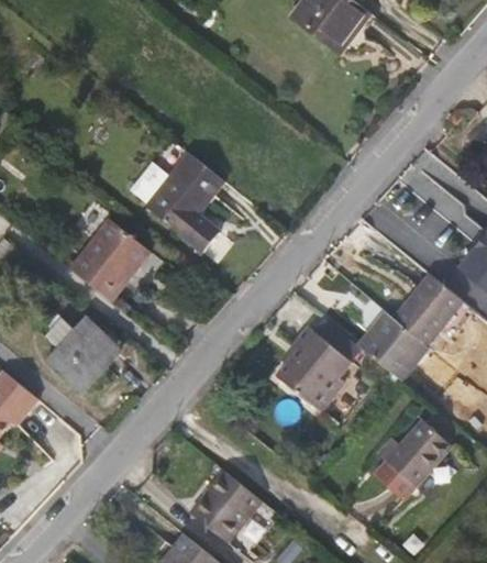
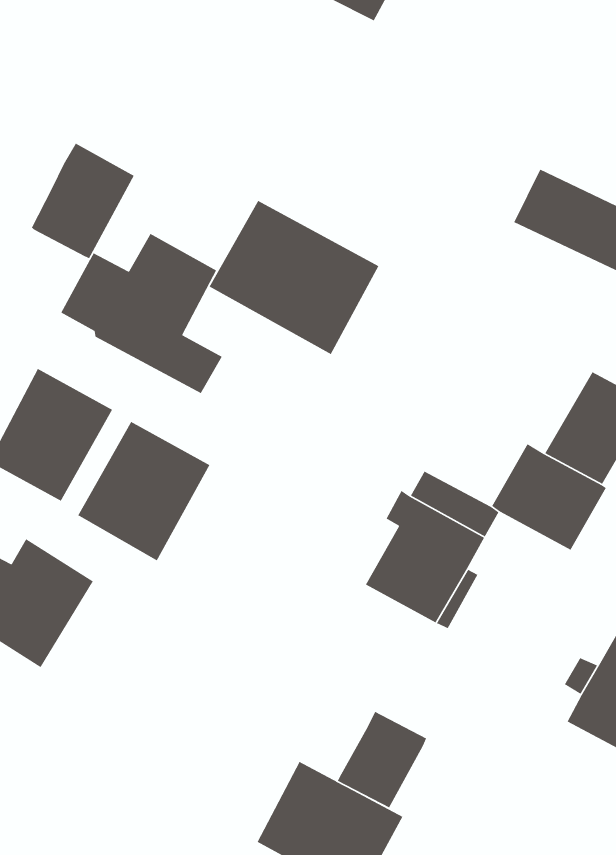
building: none -> [31,142,135,259]
building: none -> [208,200,380,355]
building: none -> [77,421,210,561]
building: none -> [337,711,427,808]

